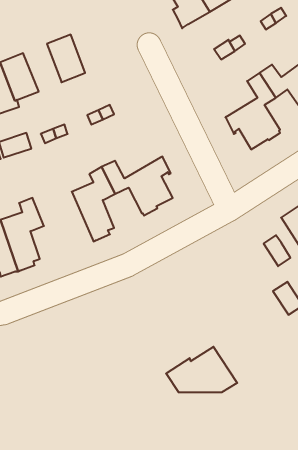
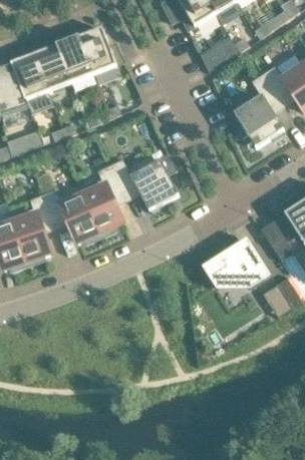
building: none -> [79,27,123,73]
building: none -> [33,45,70,91]
building: none -> [42,188,101,244]
building: [166,347,237,392] -> [202,241,271,285]

